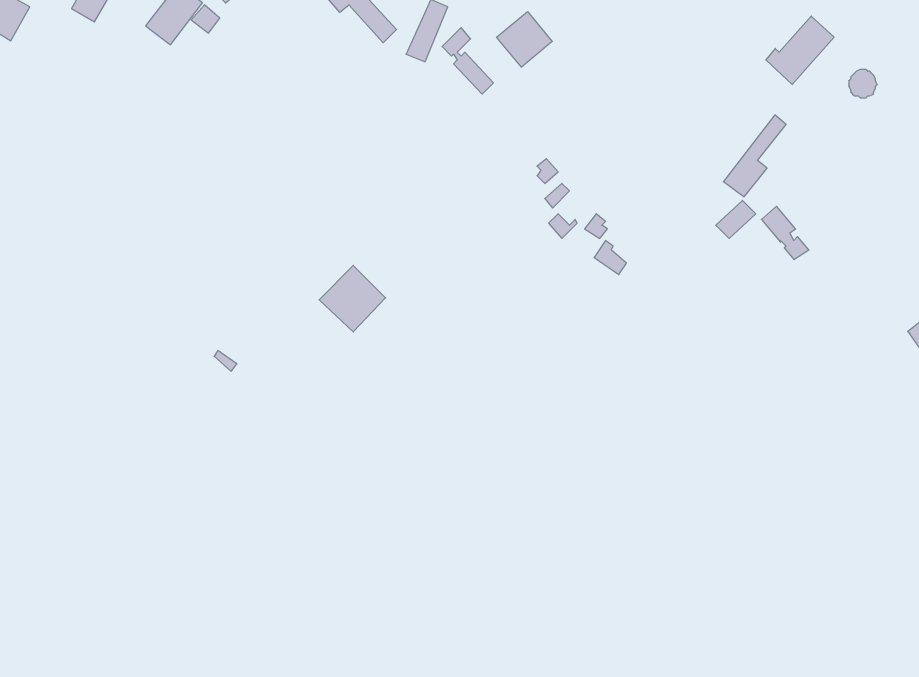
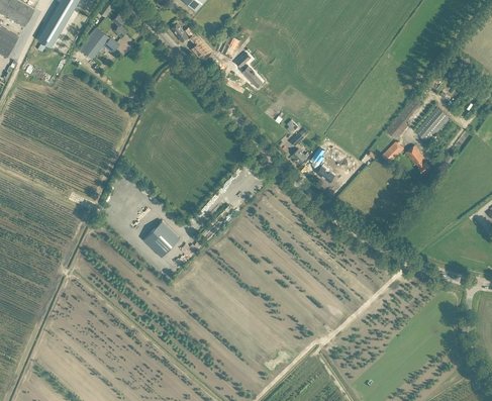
building: [497,12,552,67] -> none
building: [766,16,834,85] -> [414,107,451,143]
building: [319,265,386,332] -> [143,221,179,257]

